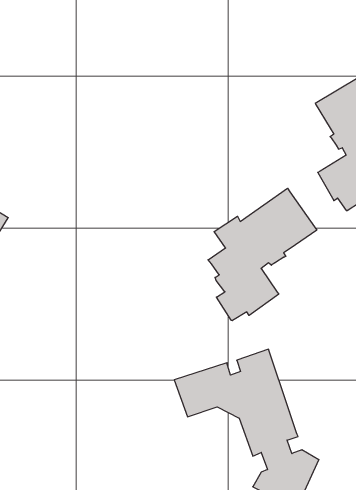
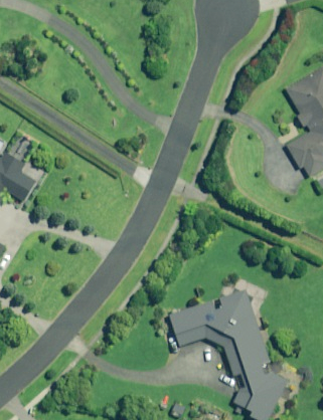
building: [208,188,317,321] -> none

